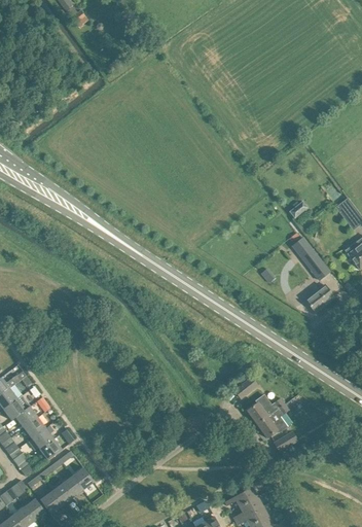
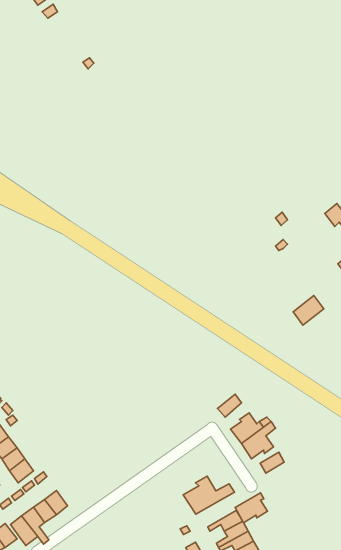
building: [297,244,330,280] -> none
building: none -> [183,476,234,514]
building: none -> [235,493,267,523]

